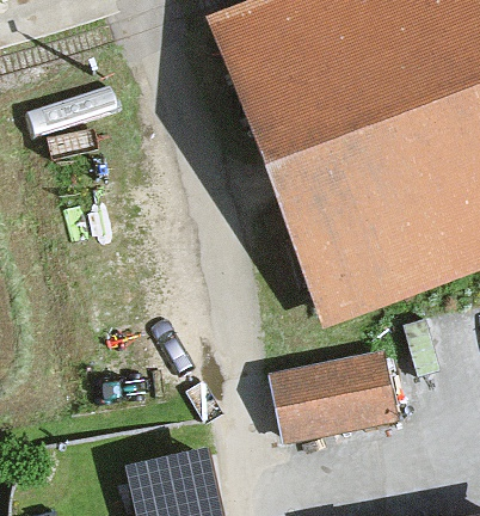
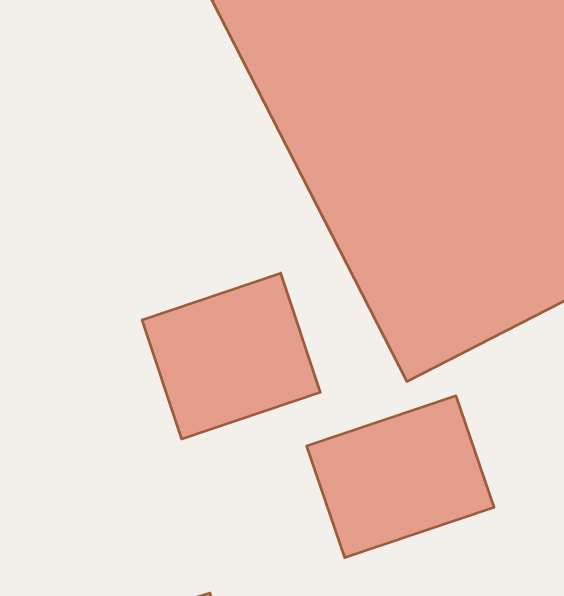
building: none -> [142,273,320,439]

